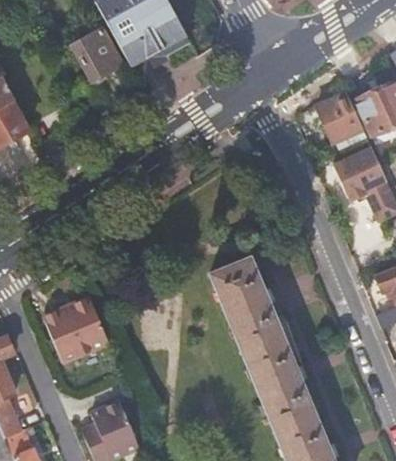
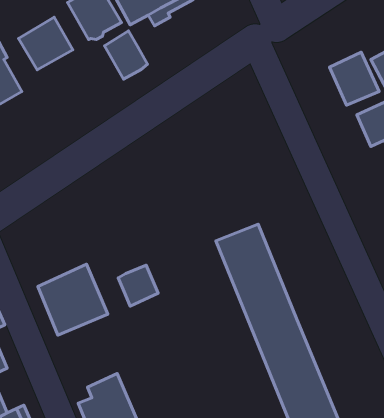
building: none -> [19,17,73,70]
building: none -> [105,31,148,79]
building: none -> [118,265,158,306]

